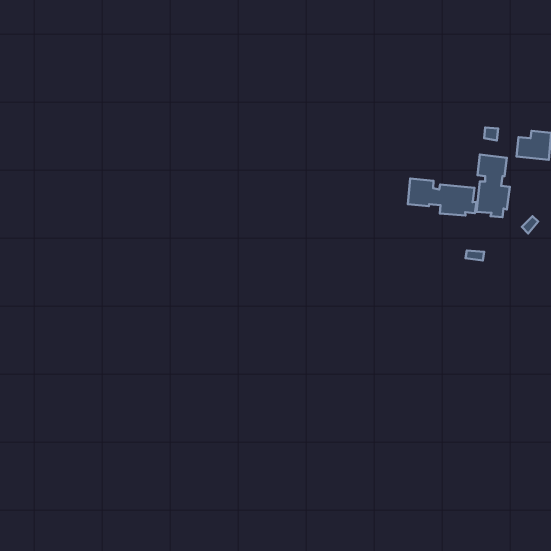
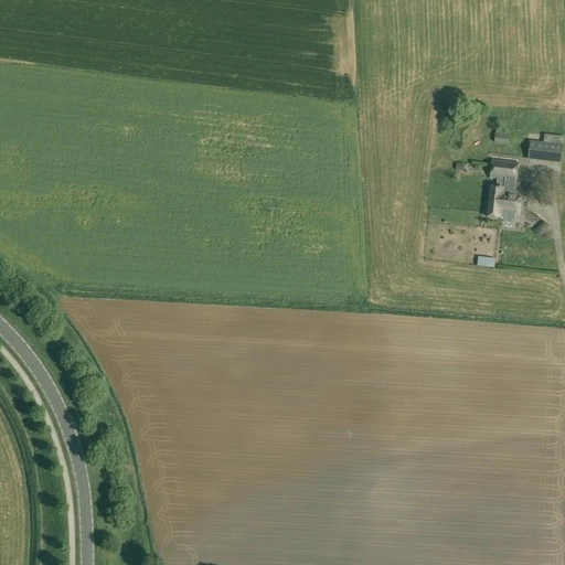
building: [408,179,476,215] -> none

